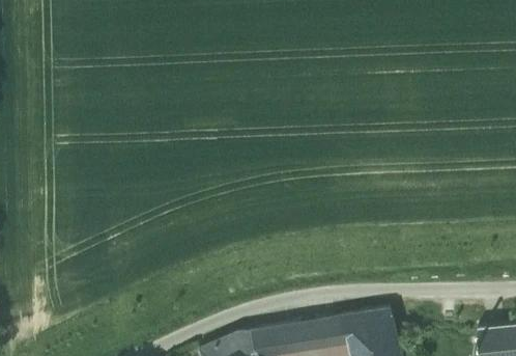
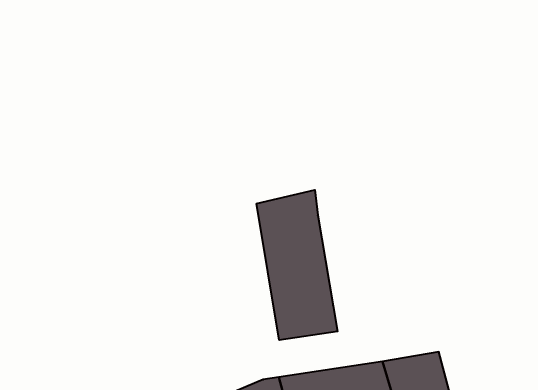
building: none -> [257,190,338,340]

